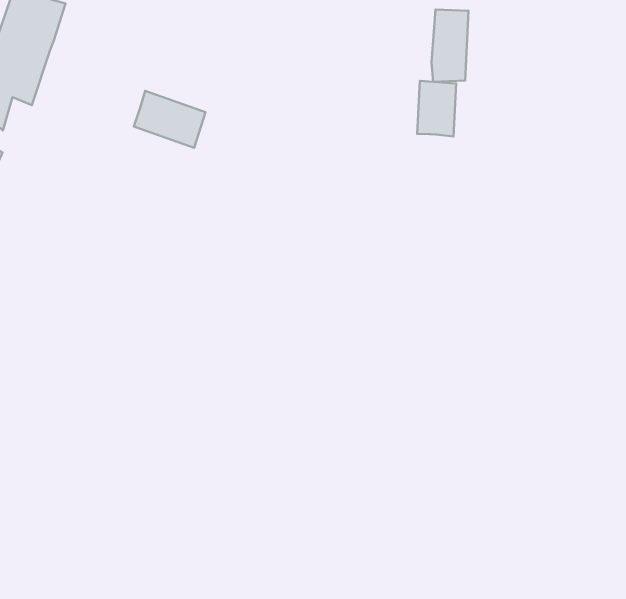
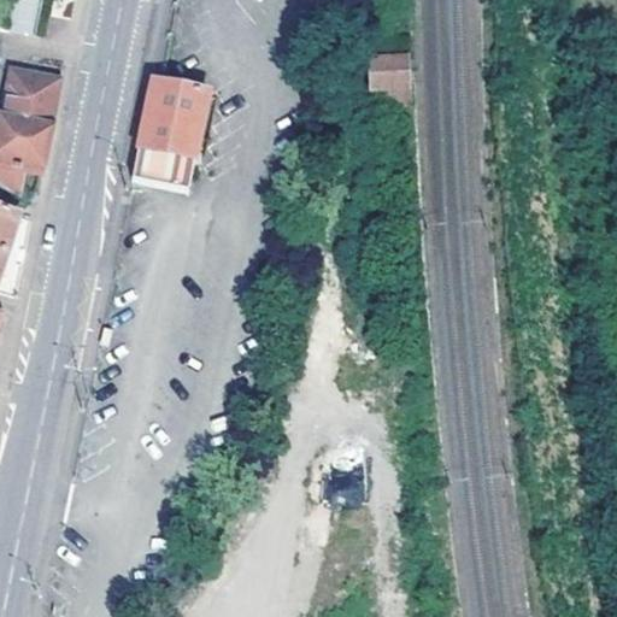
building: none -> [137,78,206,154]
building: [417,81,456,136] -> none

